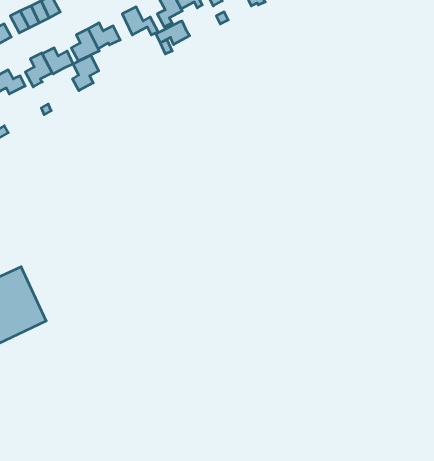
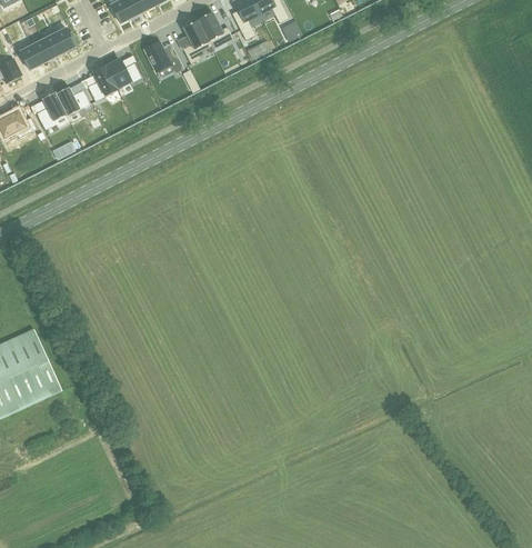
building: [156,21,190,45] -> none
building: [73,55,99,91] -> none

